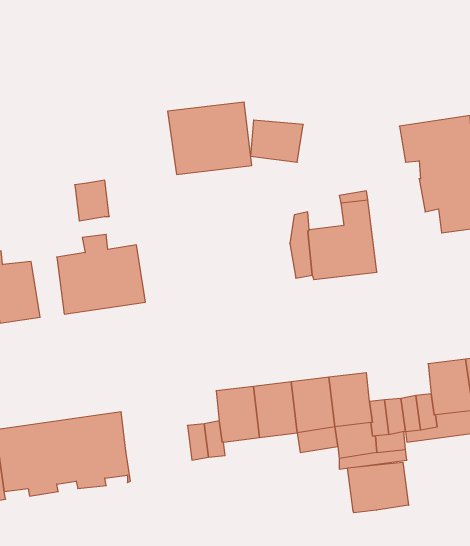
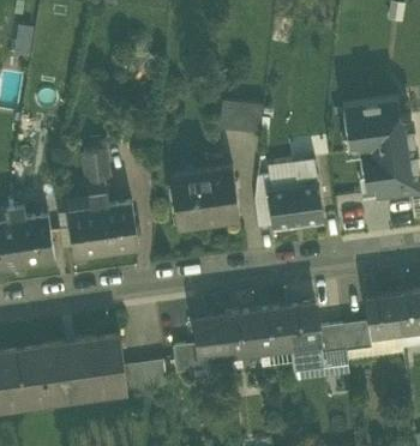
building: [168,102,252,174] -> [169,170,236,228]
building: none -> [122,361,166,393]
building: [348,462,409,513] -> none

